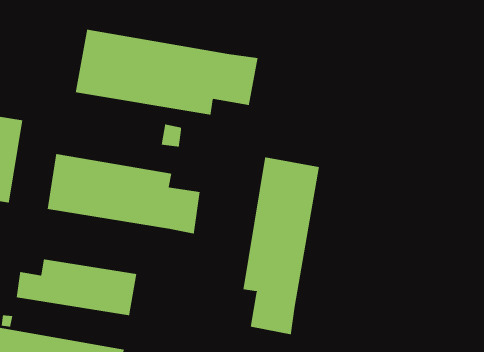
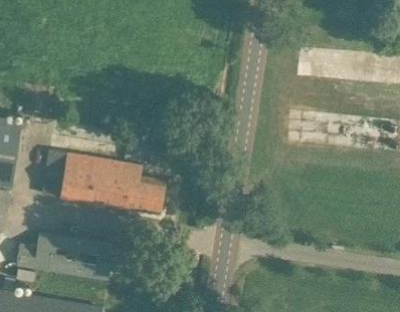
building: [75,29,258,115] -> none
building: [243,156,320,335] -> none

